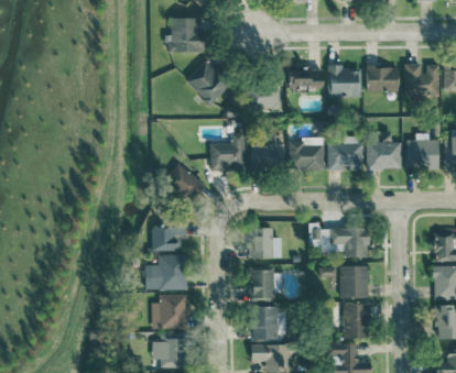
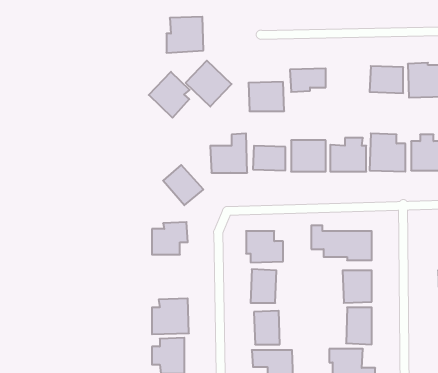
building: [329,67,361,97] -> none
building: none -> [149,72,190,118]
building: [145,254,187,290] -> none

